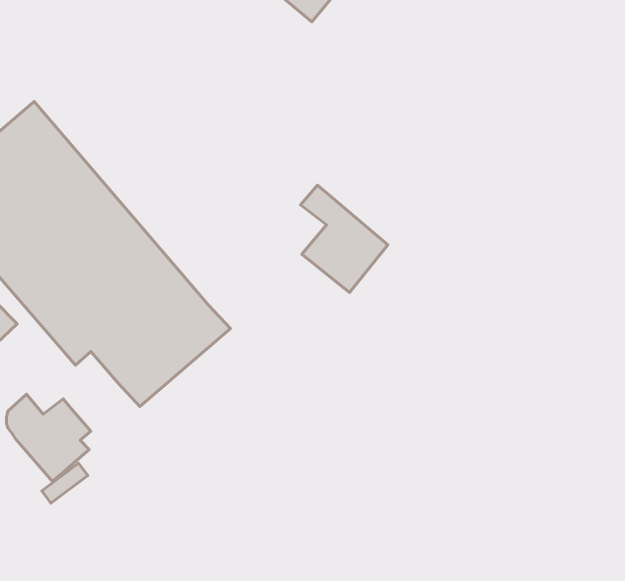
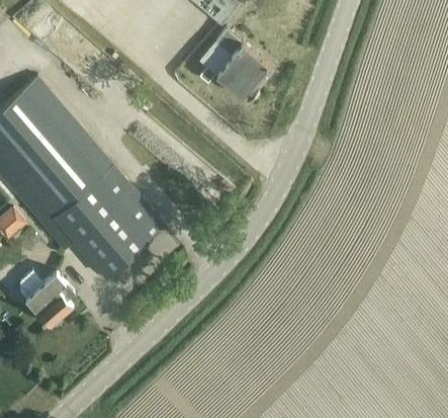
building: [300,185,388,292] -> [213,27,271,98]

